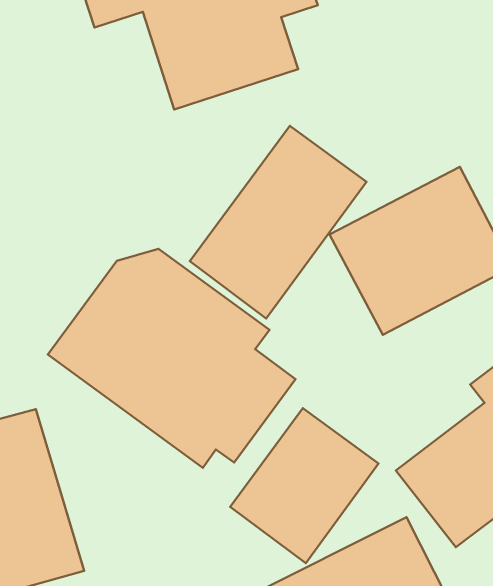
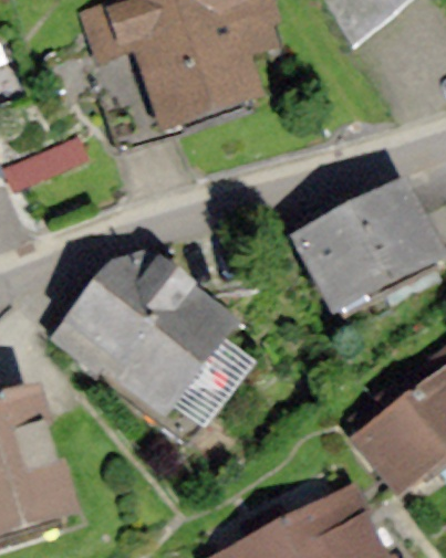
building: [190,126,366,319] -> none
building: [230,408,379,563] -> none

